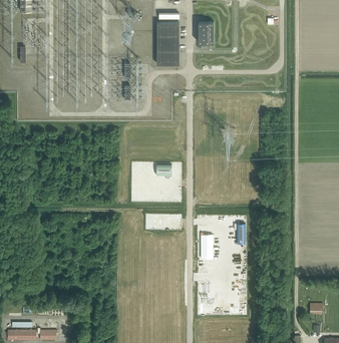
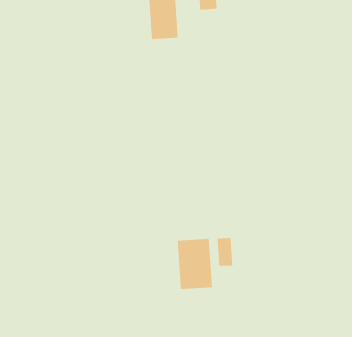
building: none -> [177,238,212,290]

